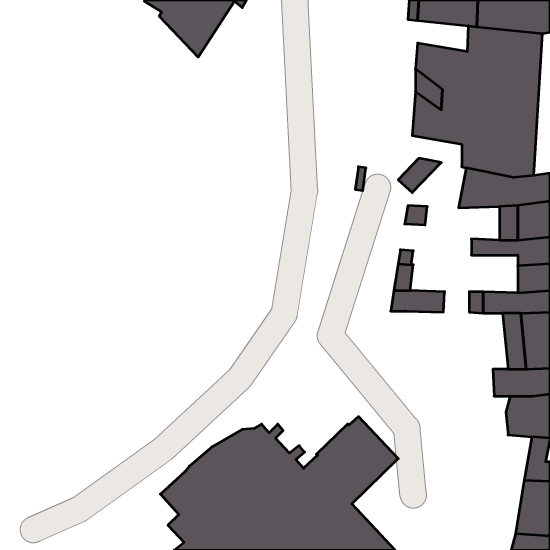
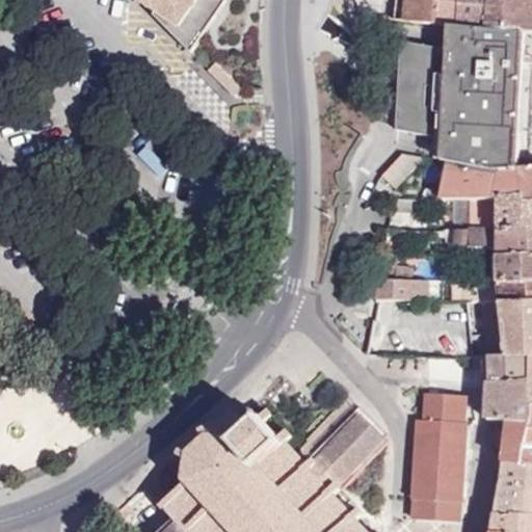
building: none -> [414,390,468,512]

